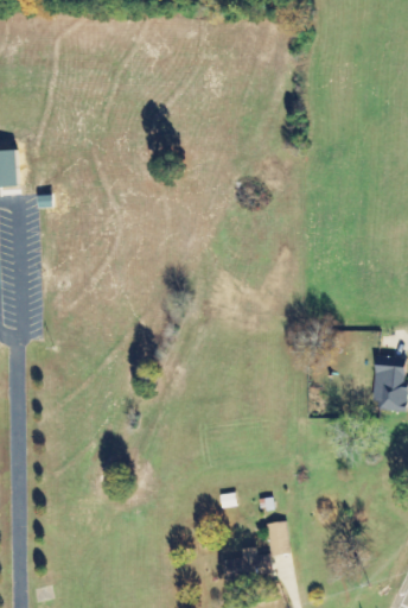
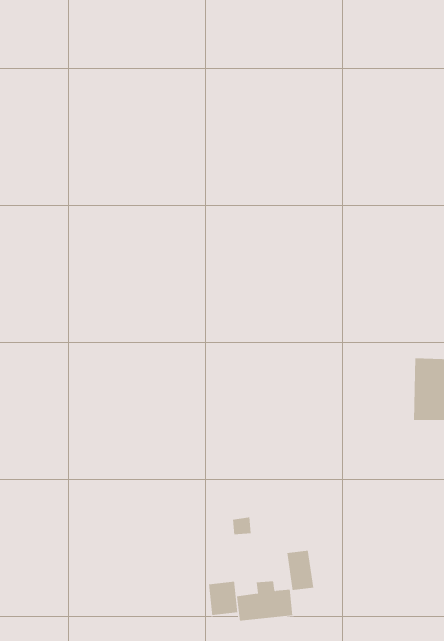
building: none -> [209,581,238,616]

